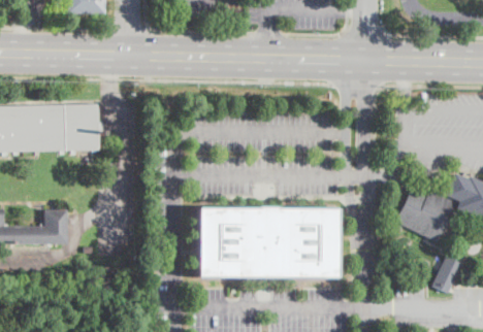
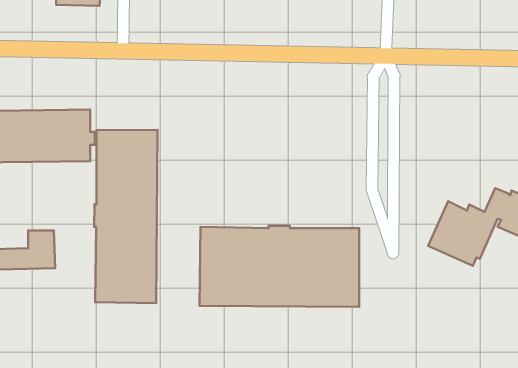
building: none -> [94,130,157,303]
building: [434,257,463,293] -> none

